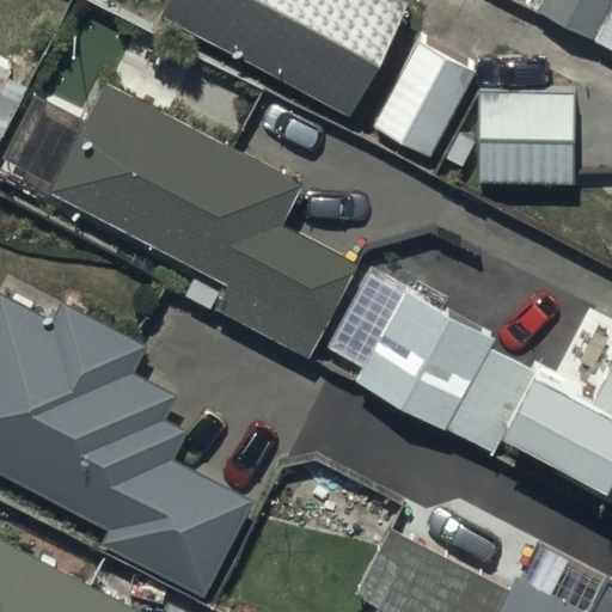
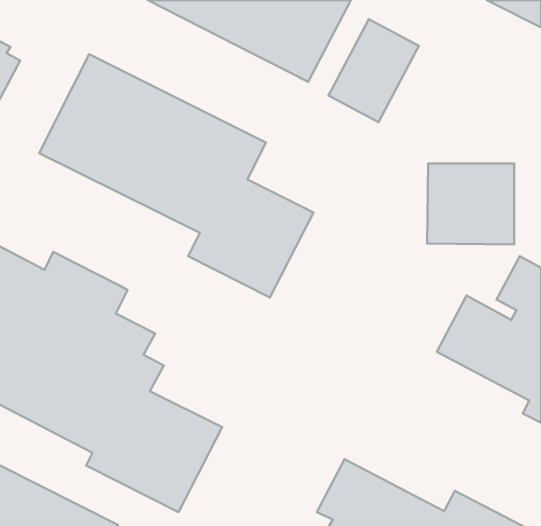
building: [473,94,571,185] -> [427,164,514,244]
building: [355,287,518,446] -> none

